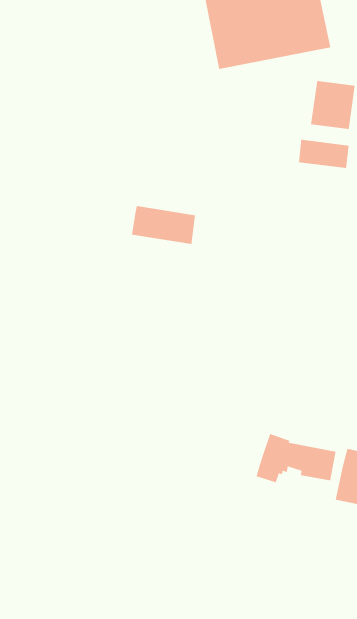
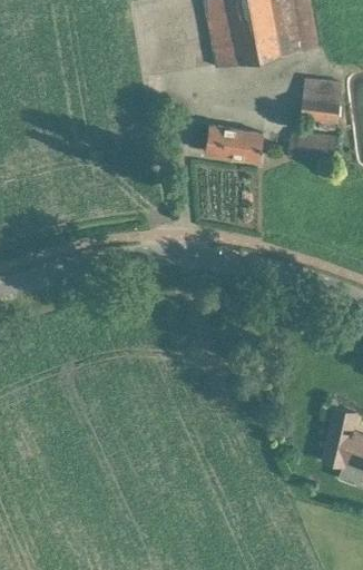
building: [131,205,196,244] -> [205,124,264,159]
building: [255,433,336,489] -> none

